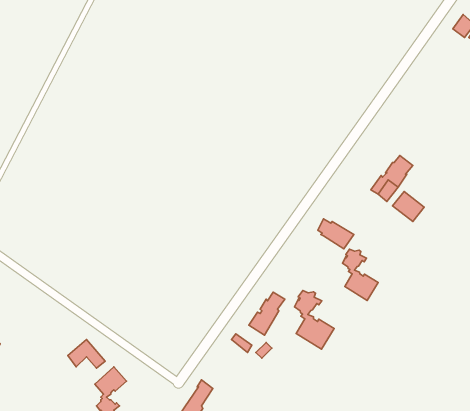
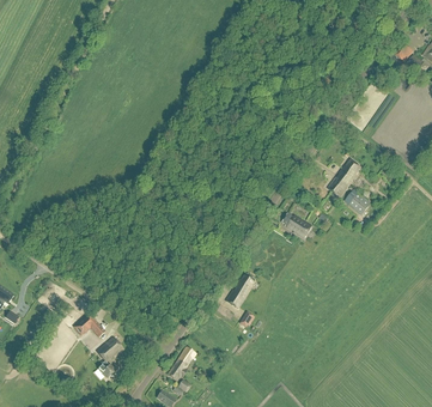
building: [343,249,378,300] -> none
building: [294,291,334,349] -> none

